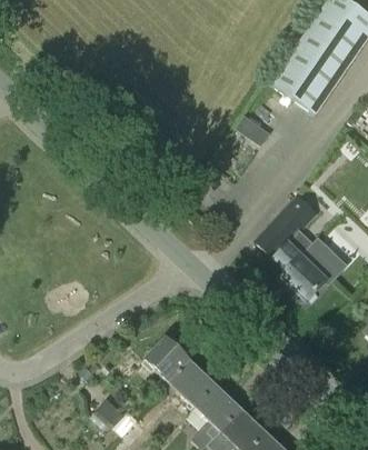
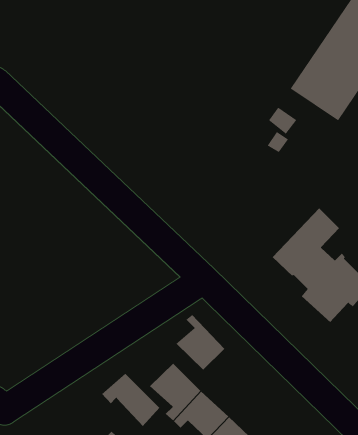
building: none -> [175,314,225,371]
building: none -> [101,373,160,427]

